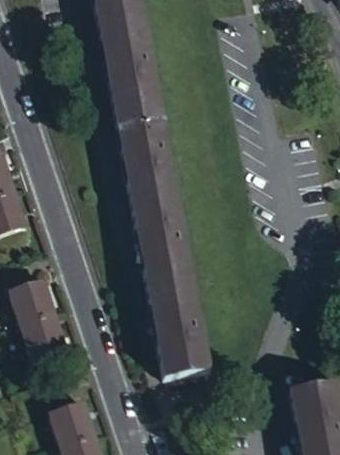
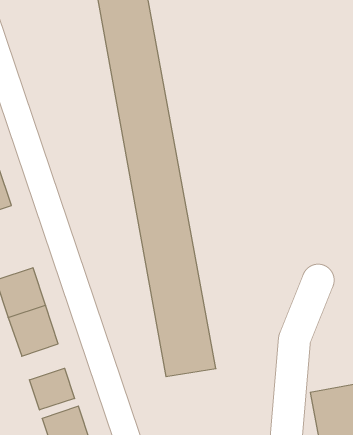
building: none -> [29,368,75,410]

